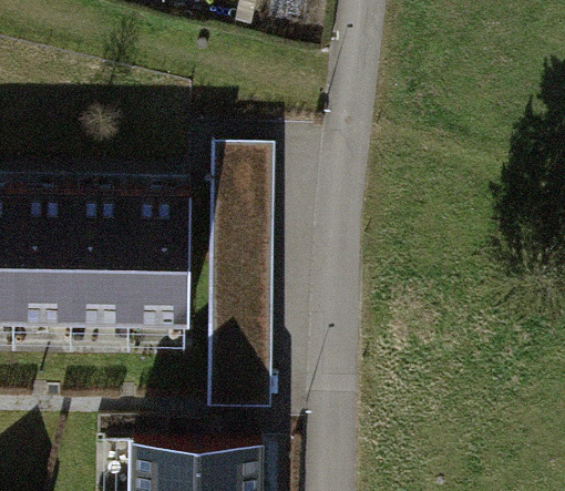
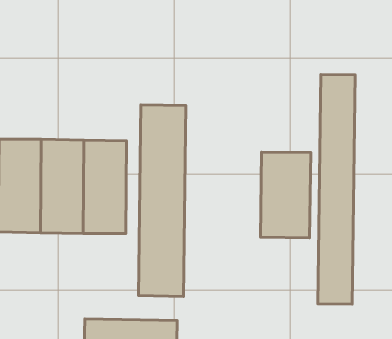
building: none -> [318,75,355,304]
building: none -> [261,152,311,238]

